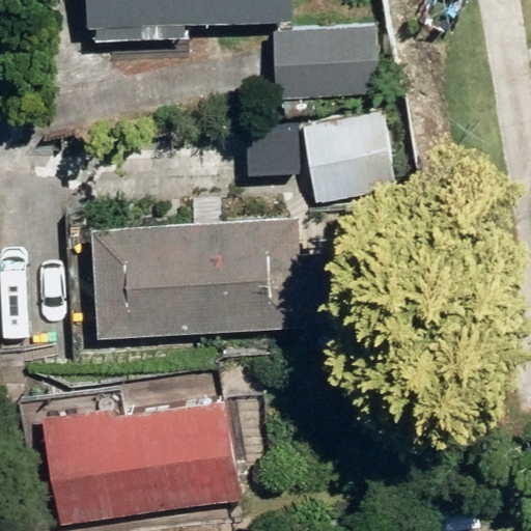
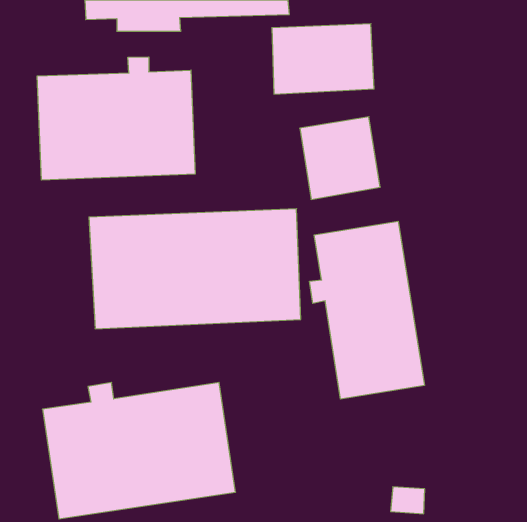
building: none -> [37,57,195,180]
building: none -> [310,221,424,399]

